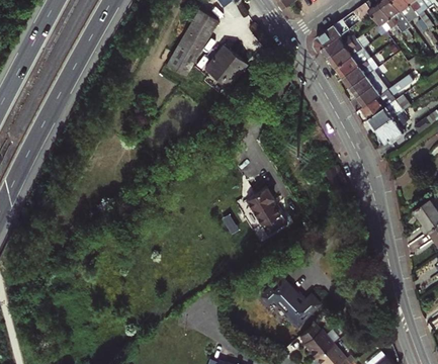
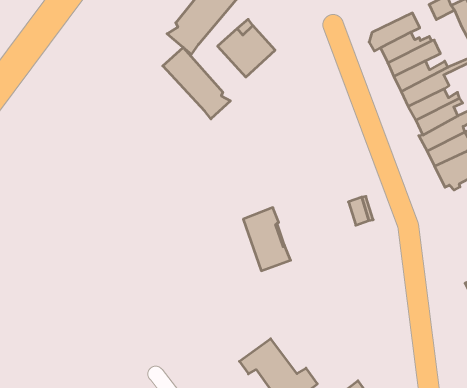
building: none -> [163,47,230,119]

